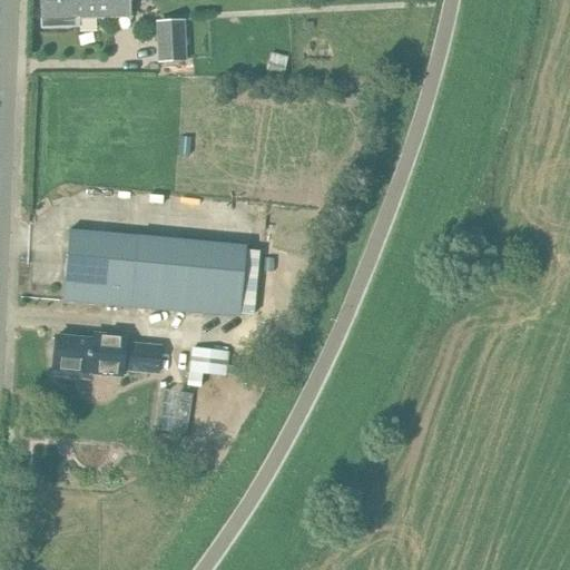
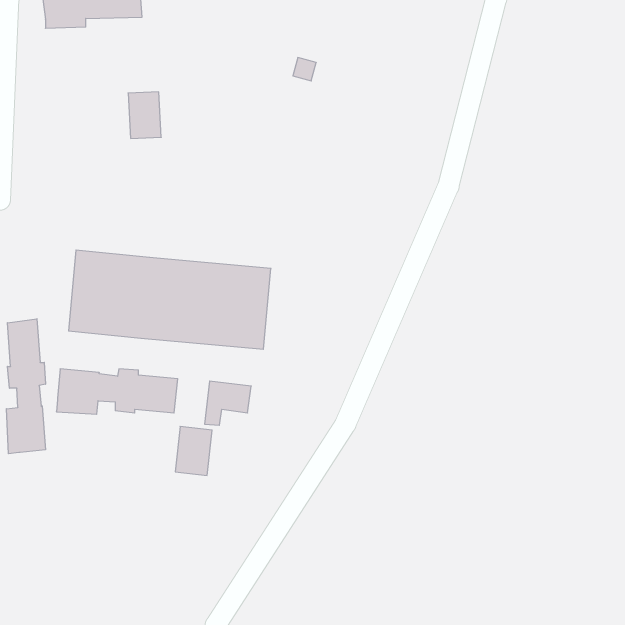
building: [157,19,187,61] -> [128,92,161,138]
building: none -> [6,319,45,454]

